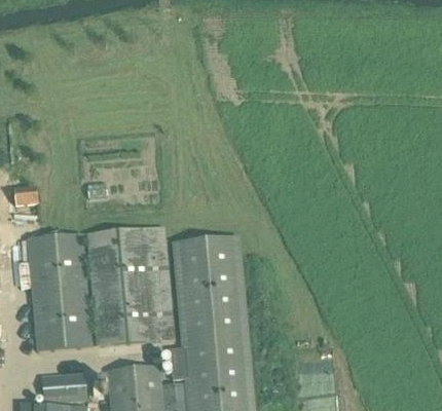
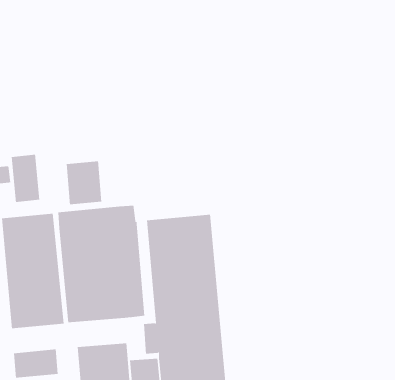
building: none -> [11,154,40,203]
building: none -> [66,160,102,205]

